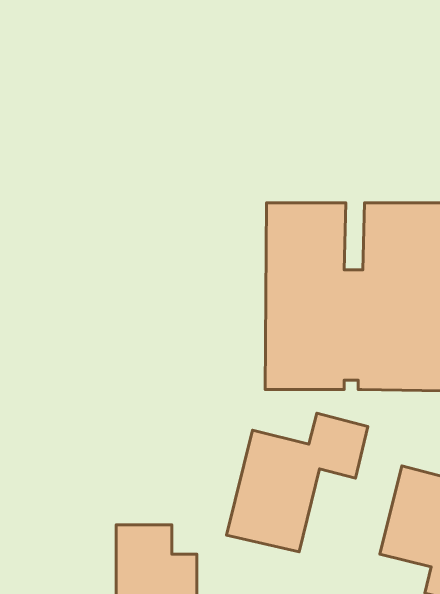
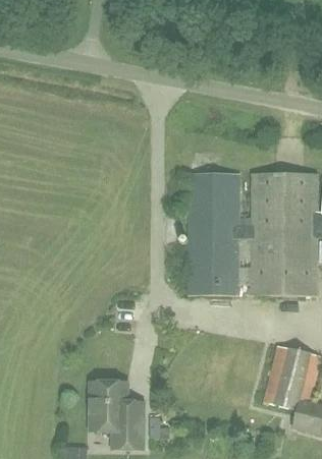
building: [227,413,368,552] -> none

